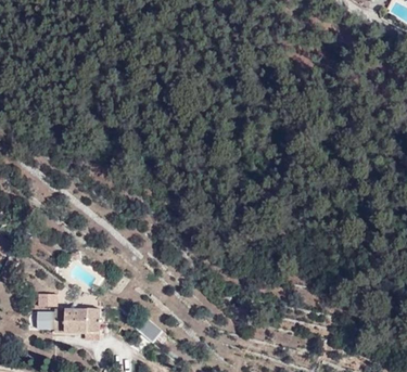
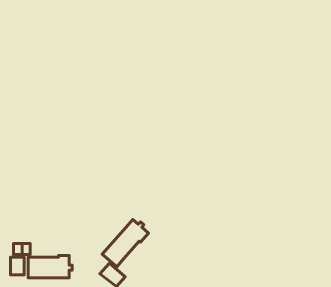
building: none -> [102,219,149,267]

